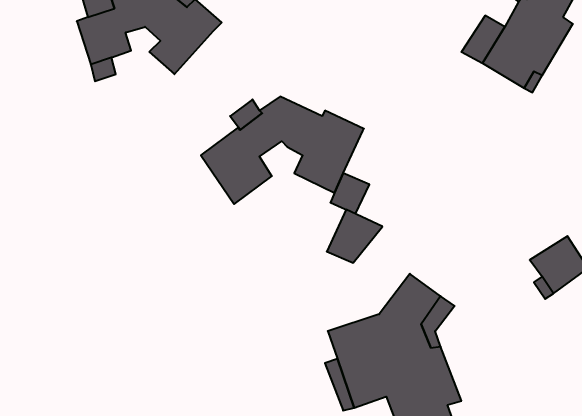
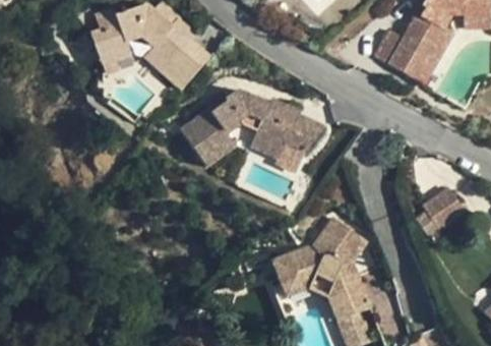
building: none -> [163,40,210,89]
building: [327,210,382,263] -> [286,113,326,152]

